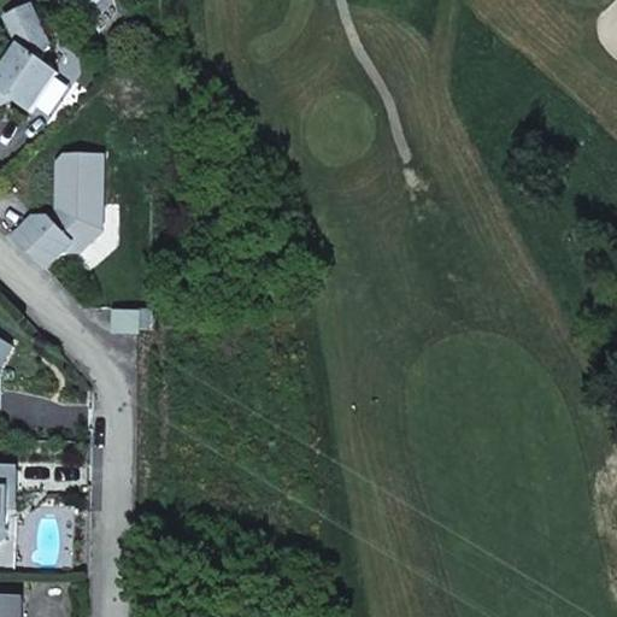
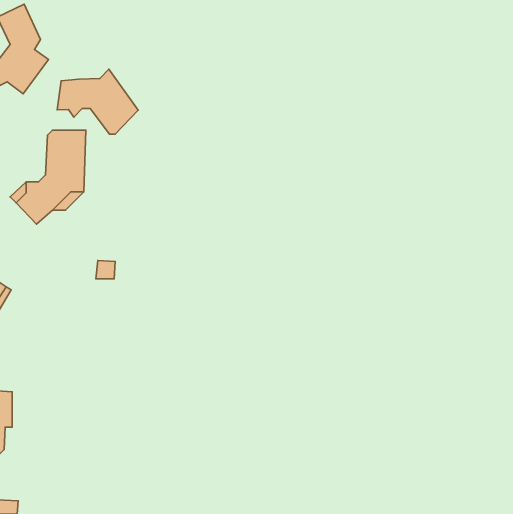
building: none -> [57,69,138,134]

